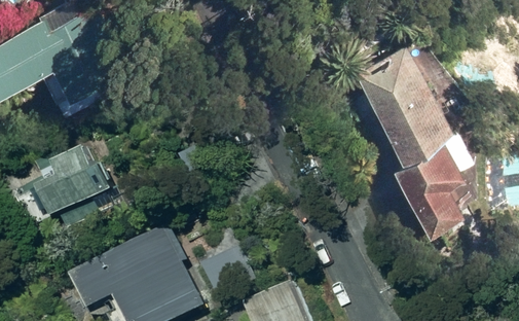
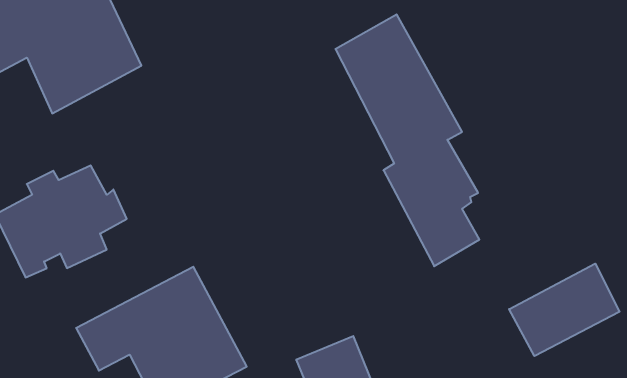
building: [355,37,466,231] -> [335,14,479,266]
building: none -> [509,264,620,356]

